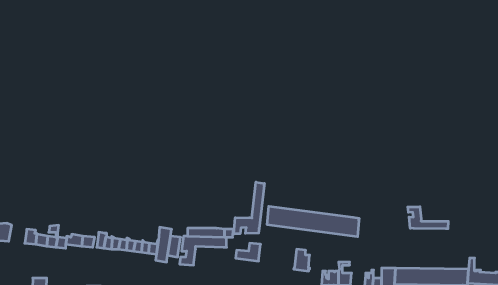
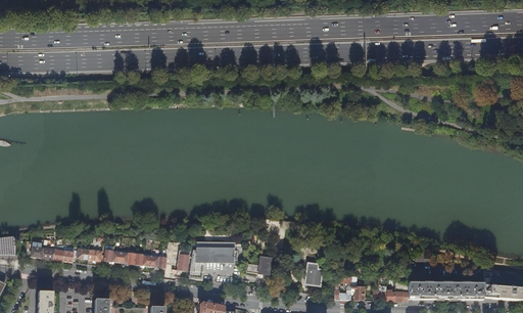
building: [234,182,264,234] -> none
building: [267,206,359,237] -> none
building: [408,207,448,229] -> none

